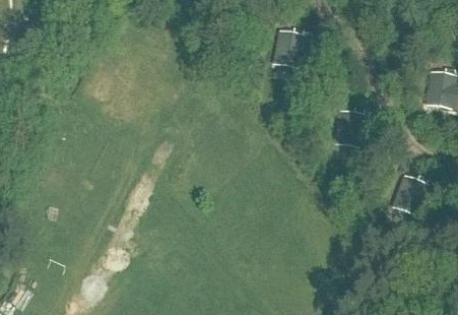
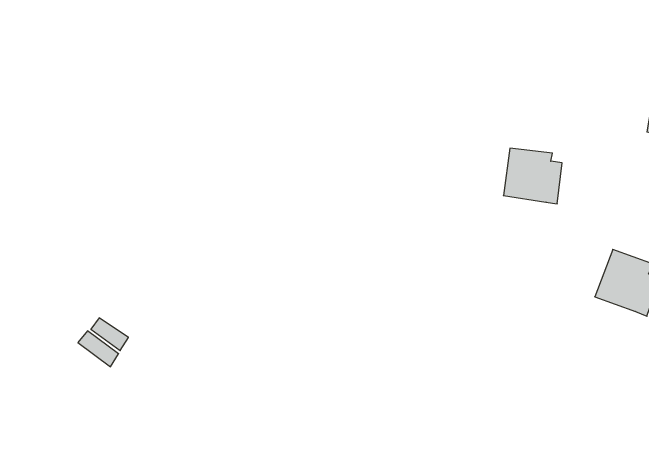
building: [273,29,312,66] -> none

